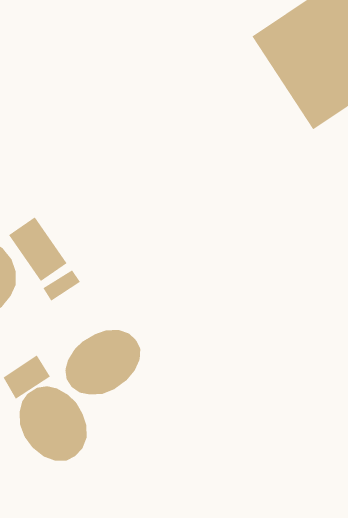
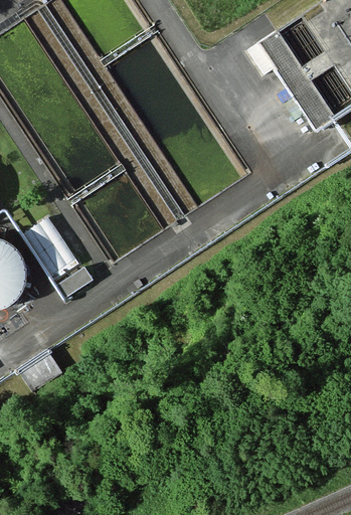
building: [65,329,141,395] -> none
building: [19,386,87,461] -> none

